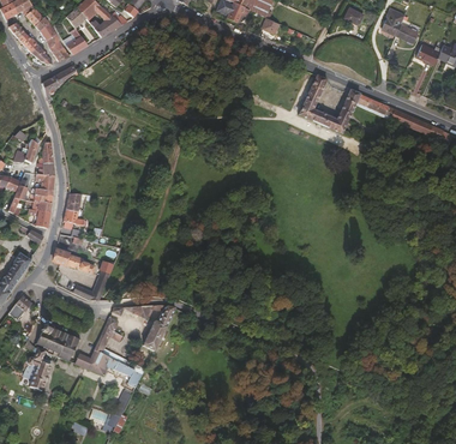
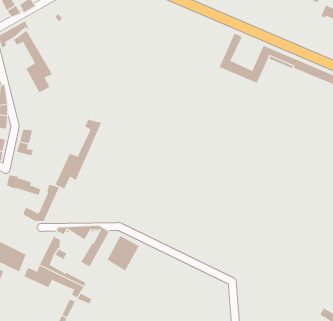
building: none -> [13,30,53,93]
building: none -> [55,119,102,189]
building: none -> [107,235,139,272]

